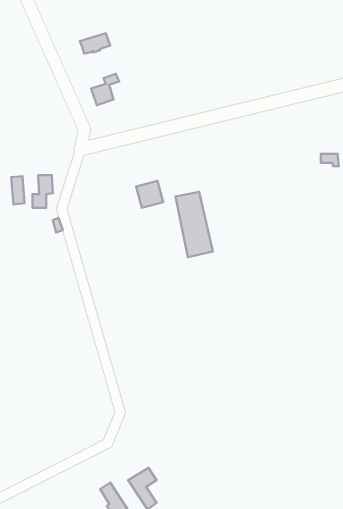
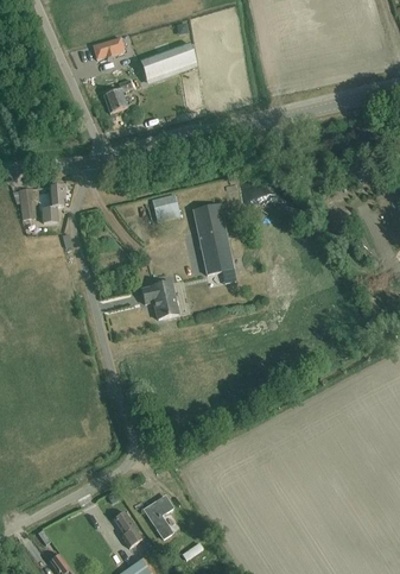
building: none -> [140,44,196,80]
building: none -> [141,282,178,318]

